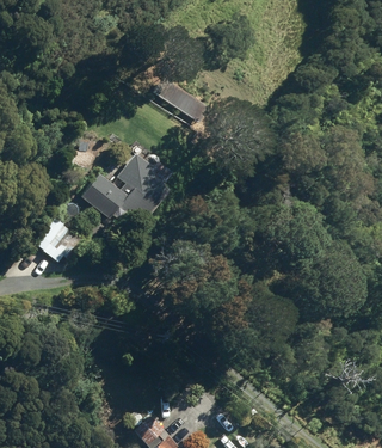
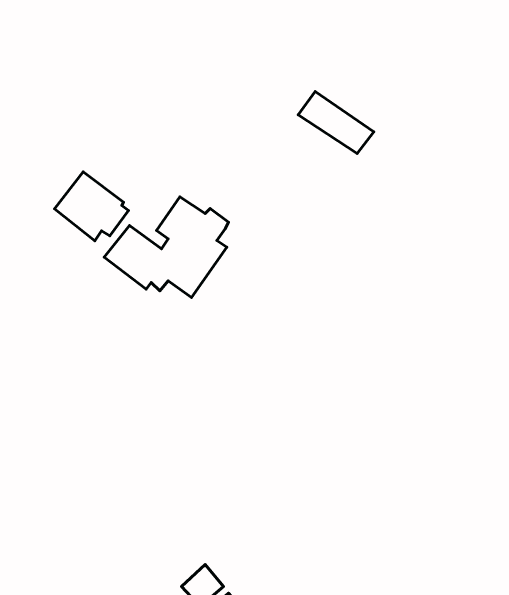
building: [152,75,205,119] -> [298,91,374,154]
building: [30,214,82,263] -> [55,172,128,241]

